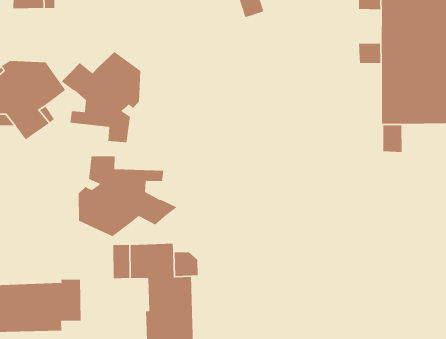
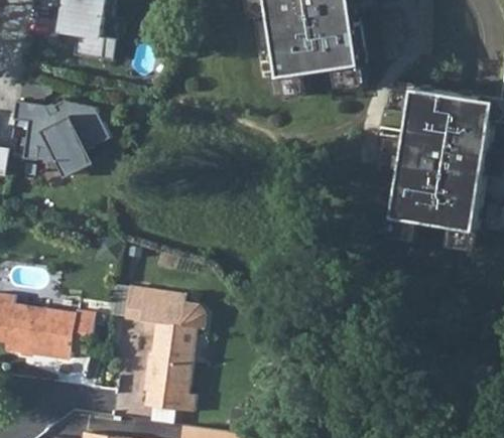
building: [61,51,141,143] -> none
building: [78,156,178,237] -> none

